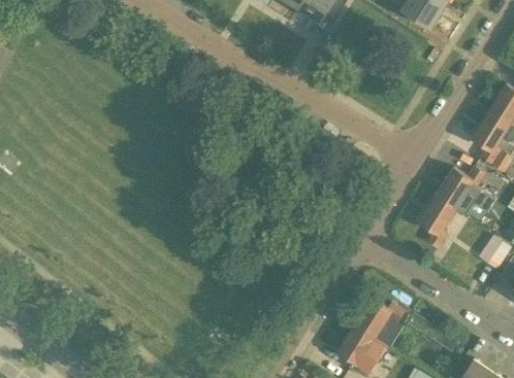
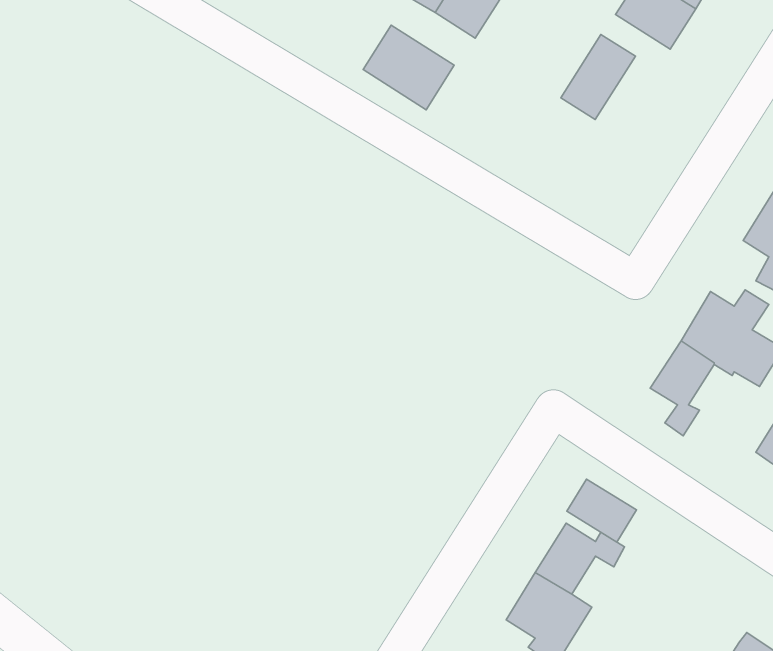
building: none -> [363,25,454,110]
building: none -> [561,34,636,120]
building: none -> [567,479,636,542]

